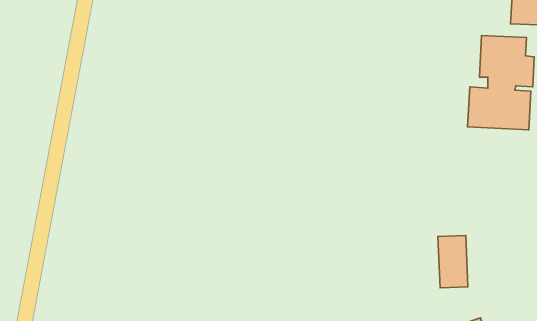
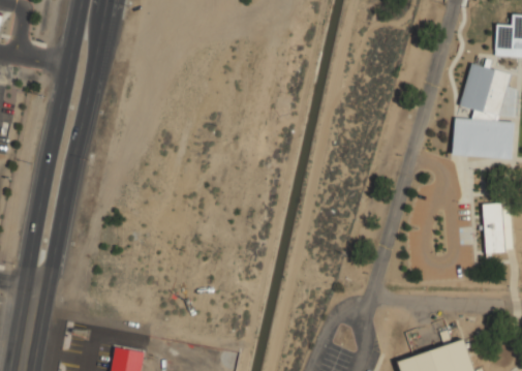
building: [438,235,468,288] -> [482,203,511,253]

